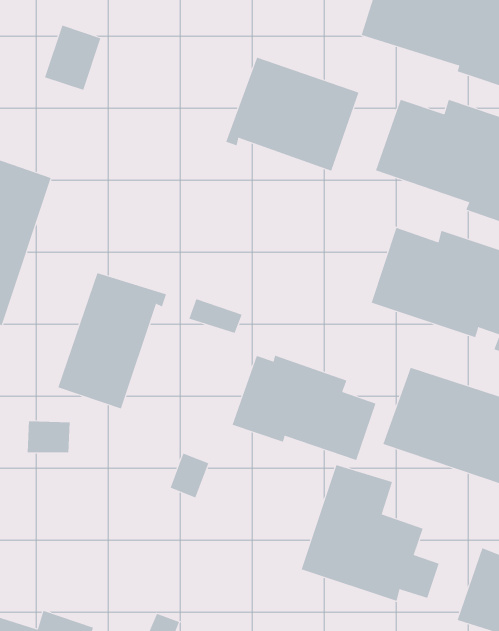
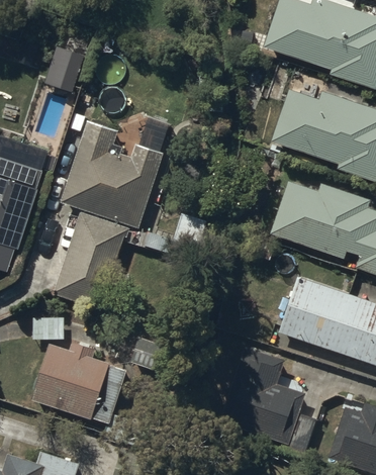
building: [225,57,359,172] -> none
building: none -> [61,122,161,227]
building: [232,355,376,461] -> none
building: none -> [32,344,124,424]

